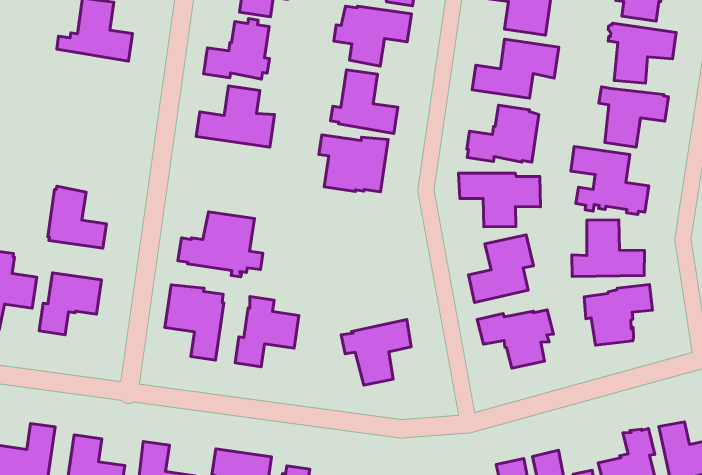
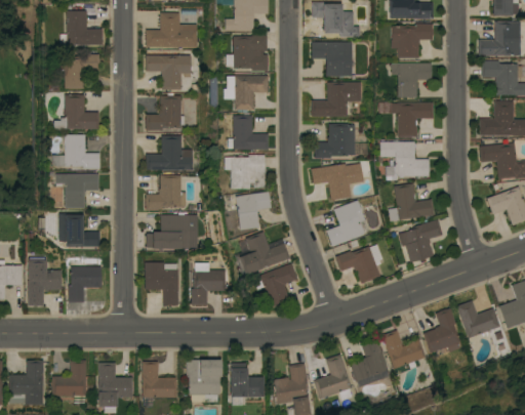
building: none -> [52,134,99,168]
building: none -> [55,173,98,207]
building: none -> [146,175,186,209]
building: none -> [235,191,271,230]
building: none -> [238,231,289,275]

